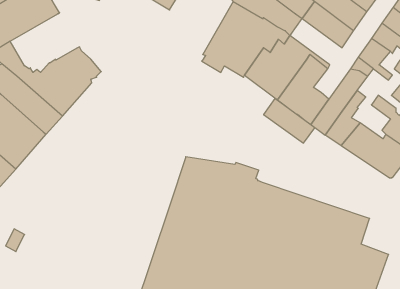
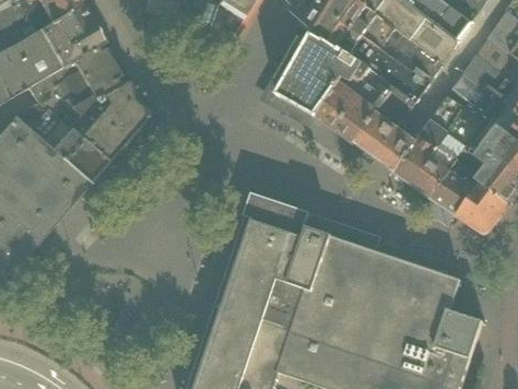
building: none -> [48,44,126,111]
building: [264,99,315,143] -> [372,49,431,101]

